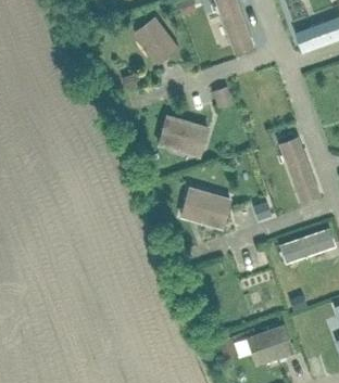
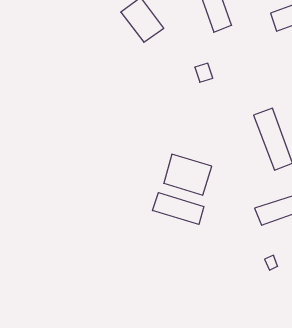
building: [158,114,210,157] -> none
building: none -> [153,193,204,224]
building: [246,323,294,367] -> none

